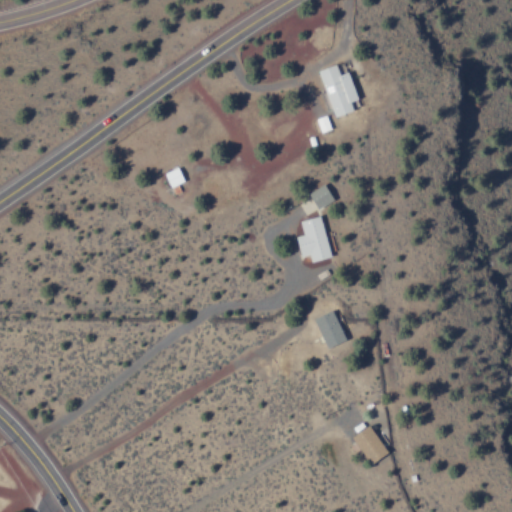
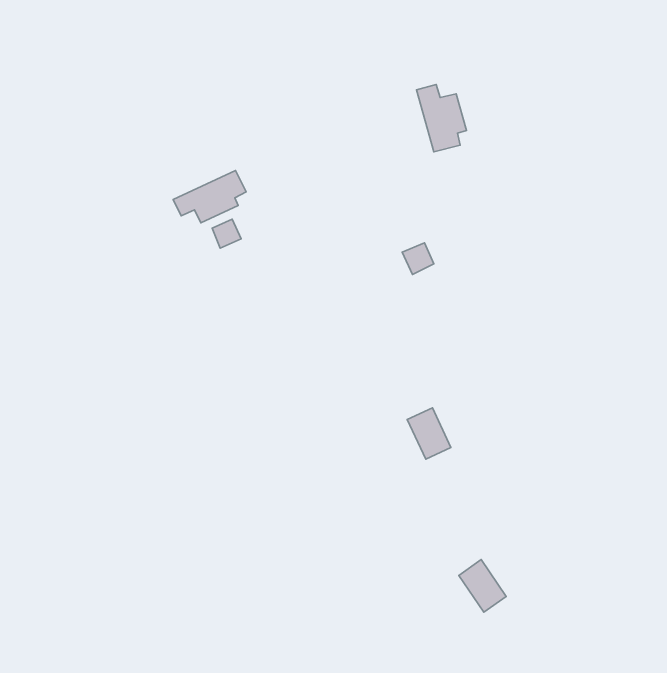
building: none -> [173,170,246,223]
building: [297,216,333,262] -> none

